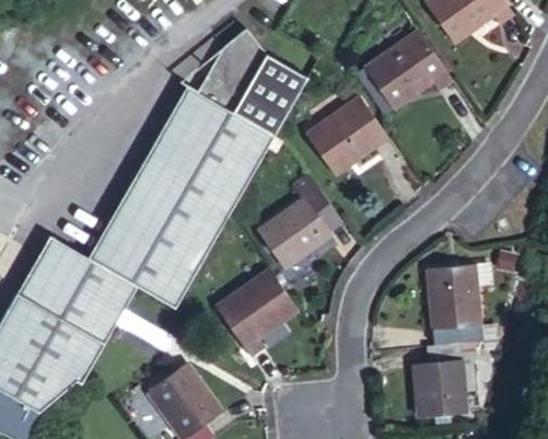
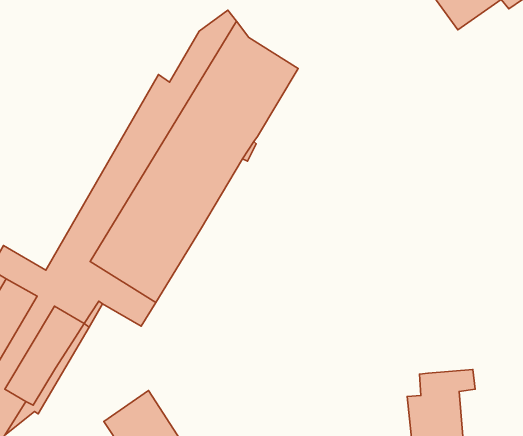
building: [366,33,454,109] -> none
building: [307,94,387,167] -> none
building: [256,175,338,264] -> none
building: [209,266,290,351] -> none
building: [422,267,477,346] -> none

